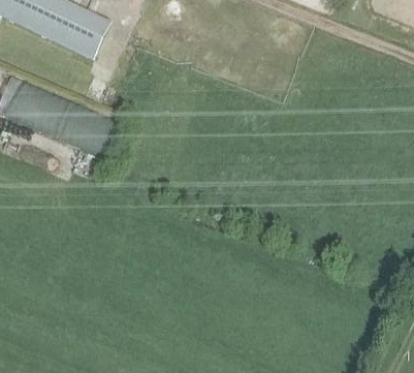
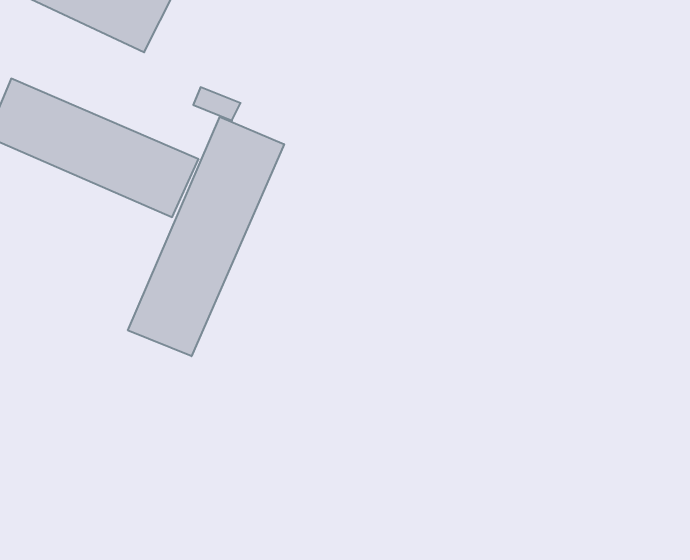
building: none -> [128,117,284,356]

